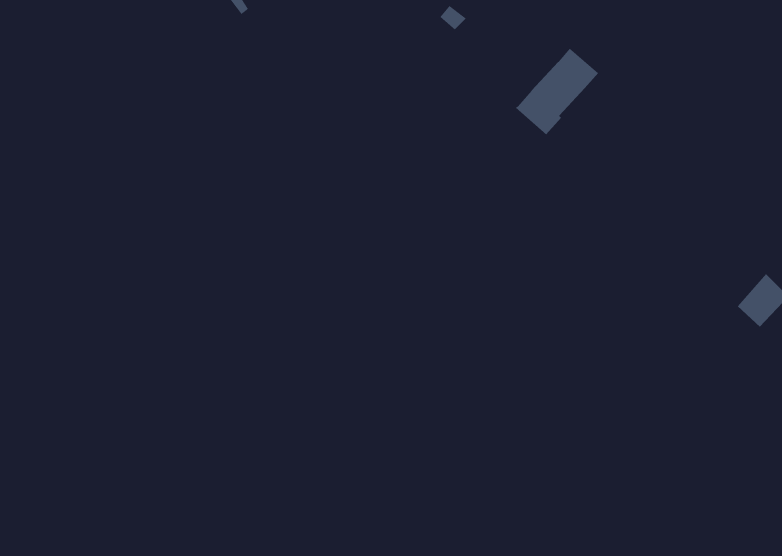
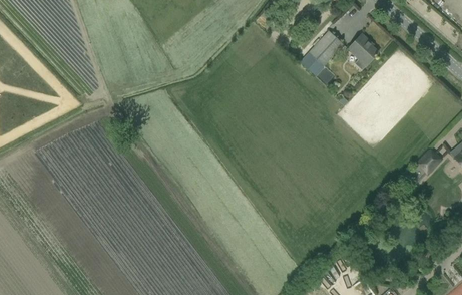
building: none -> [348,33,379,69]

